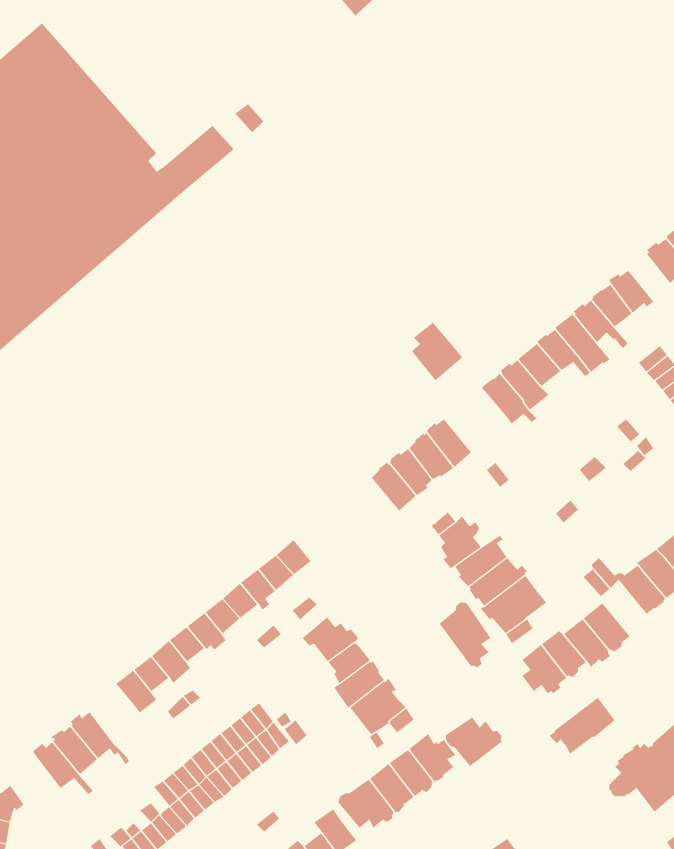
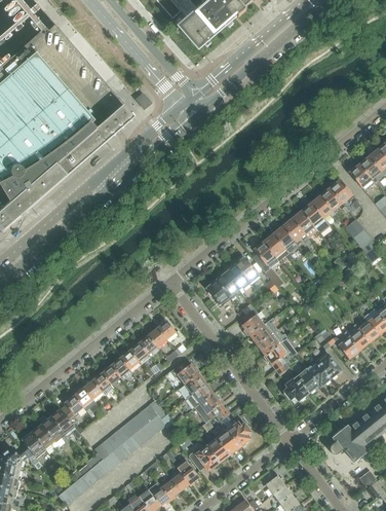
building: [411,322,463,381] -> [252,242,278,272]
building: [439,602,491,668] -> none
building: none -> [60,395,83,433]
building: [548,697,615,755] -> none
building: [445,716,503,767] -> none
building: none -> [18,432,44,465]

